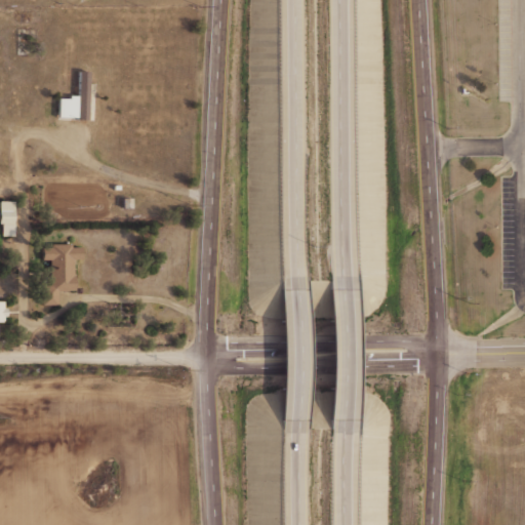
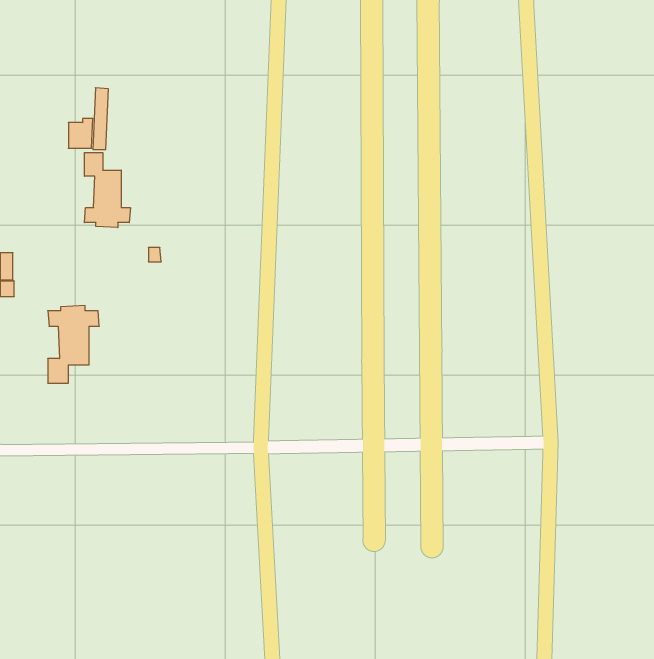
building: none -> [84,153,130,228]

